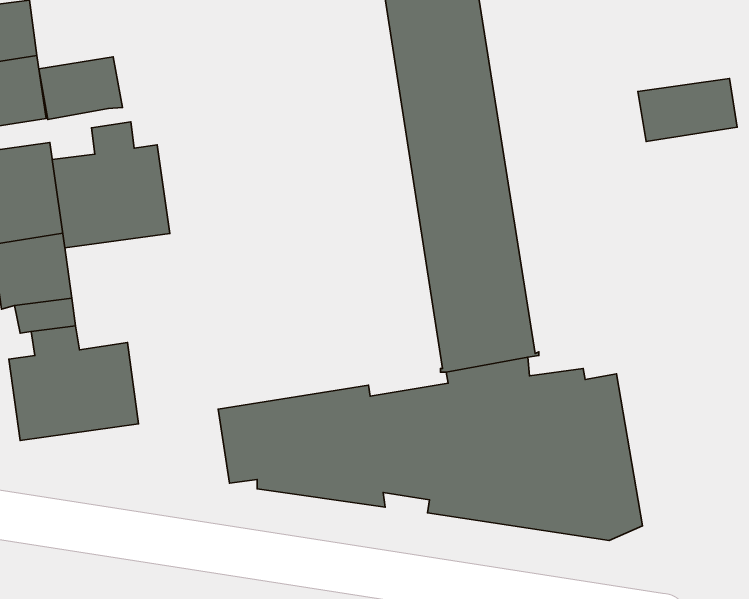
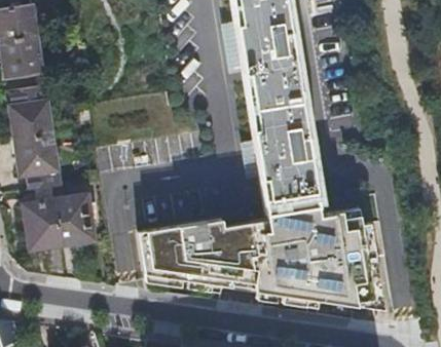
building: [39,57,122,119] -> none
building: [638,78,737,142] -> none
building: [52,122,170,248] -> none

